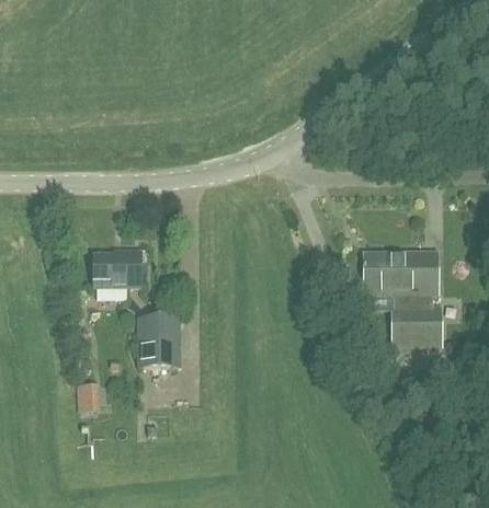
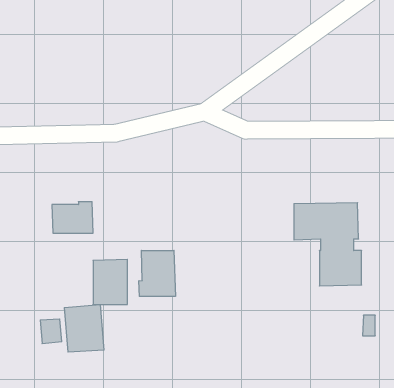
building: none -> [139,250,175,296]
building: none -> [64,305,104,352]

